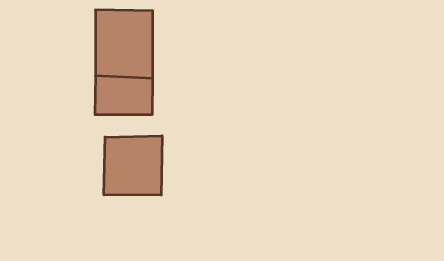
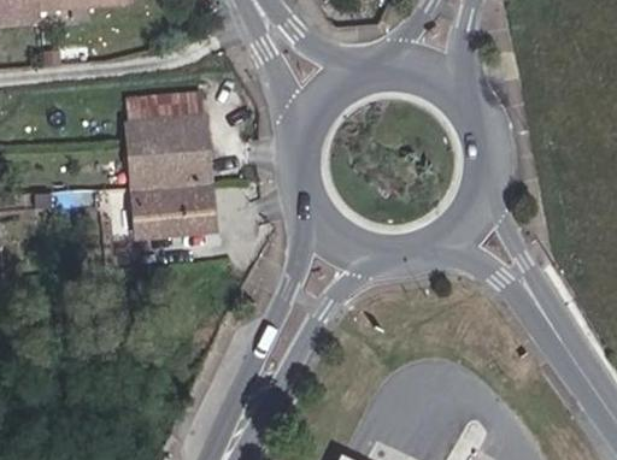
building: [104,136,162,195] -> none

